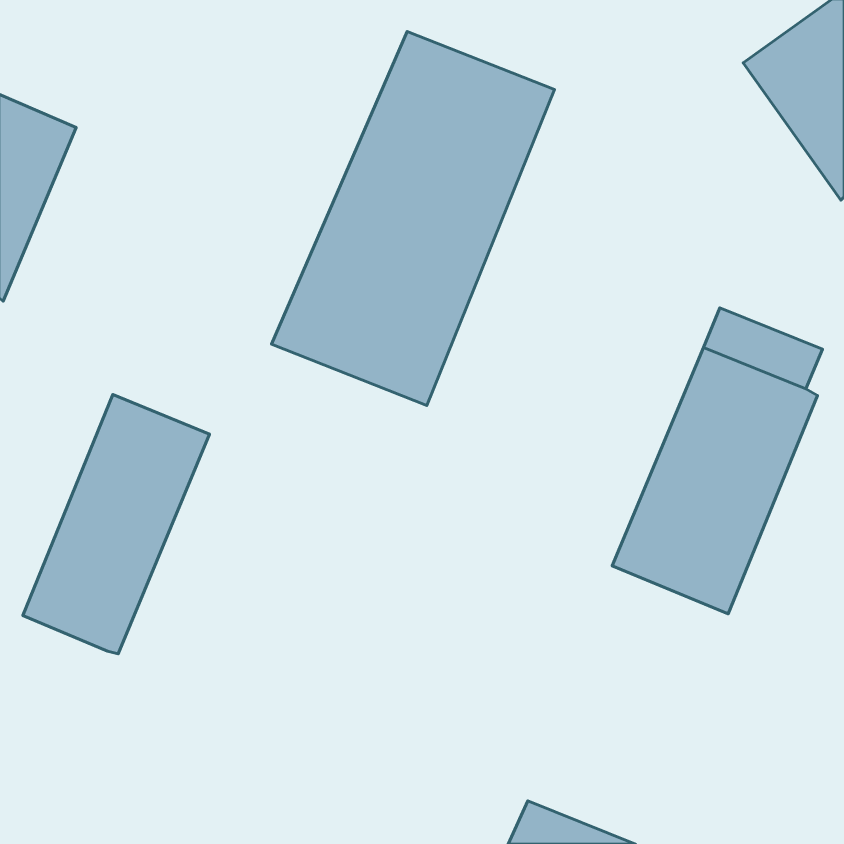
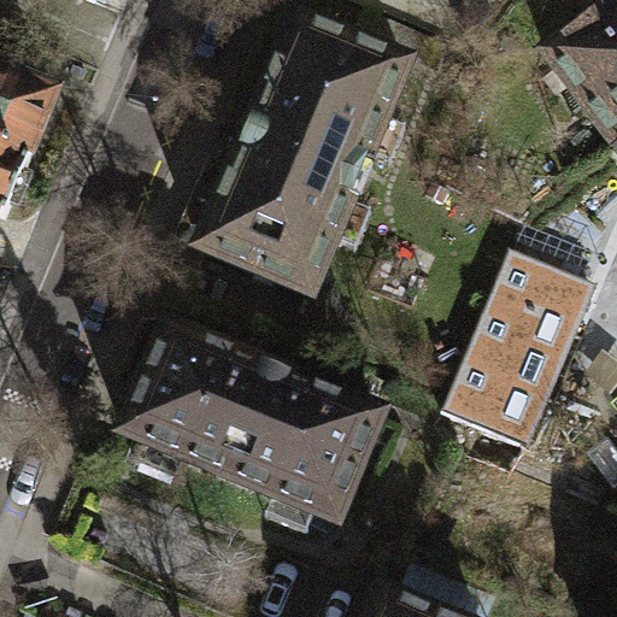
building: [23,394,209,654] -> none
building: none -> [123,327,381,523]

